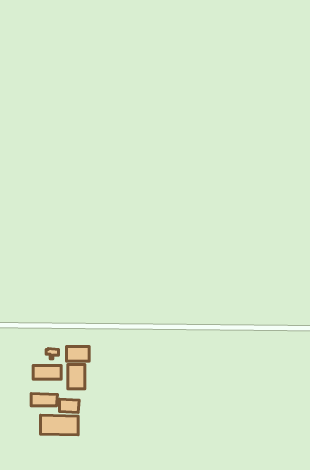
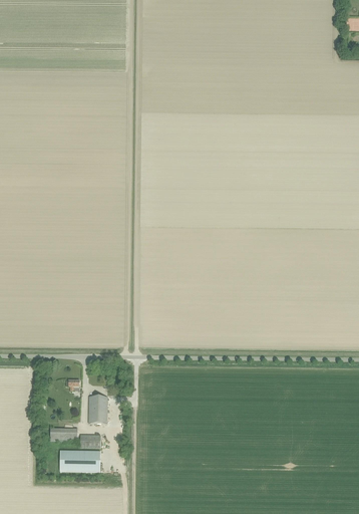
building: [67,347,89,361] -> none
building: [33,365,61,379] -> none

